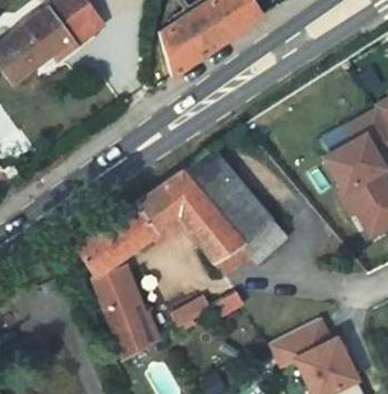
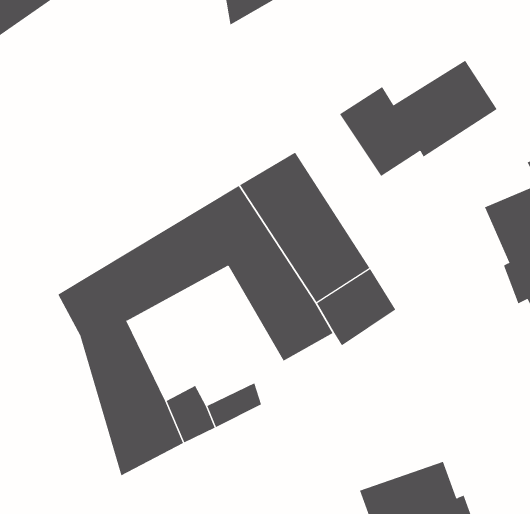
building: none -> [339,60,498,177]

